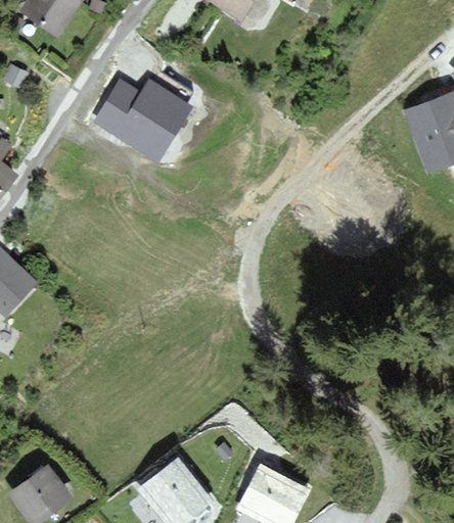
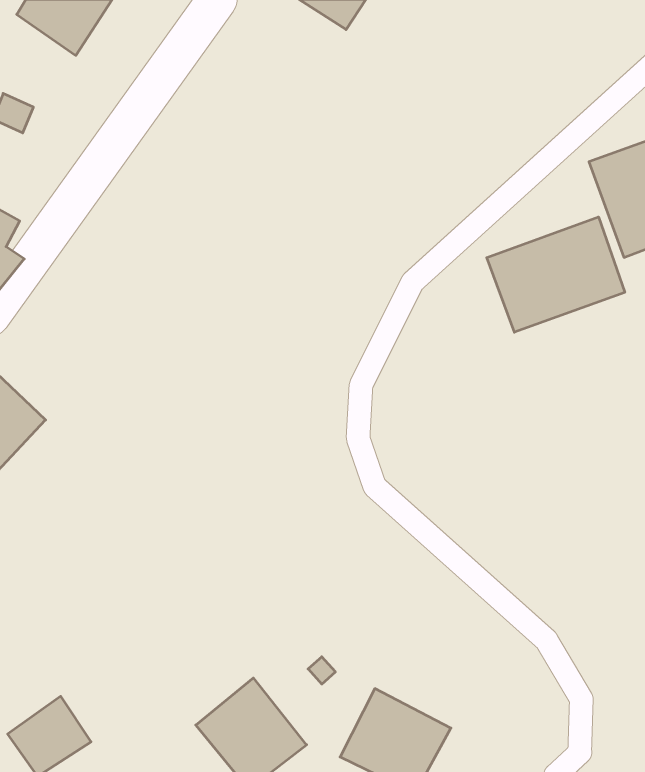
building: [97,82,189,157] -> none
building: none -> [487,217,625,332]

